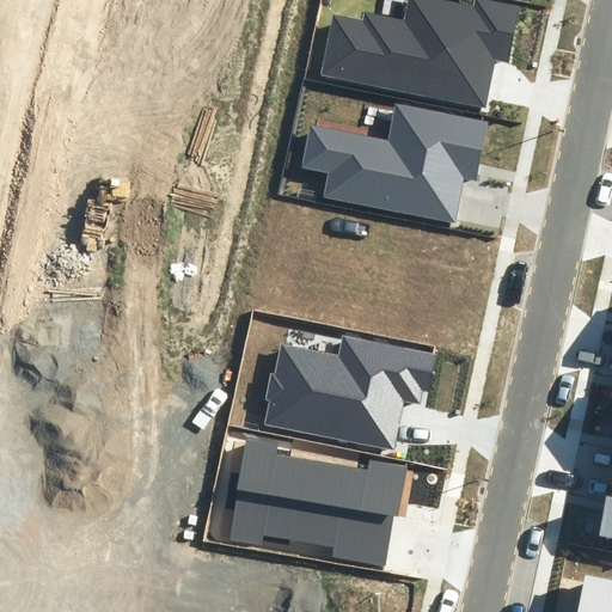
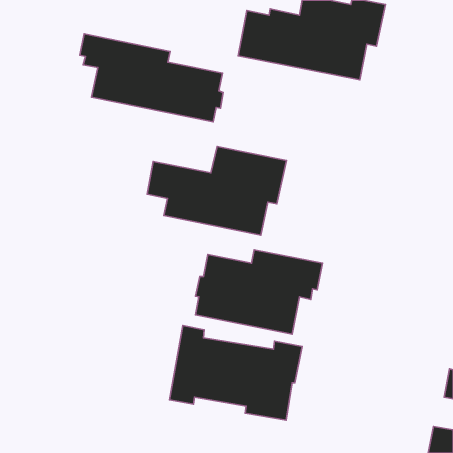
building: none -> [80,34,223,122]
building: [300,103,488,222] -> [147,146,286,235]

